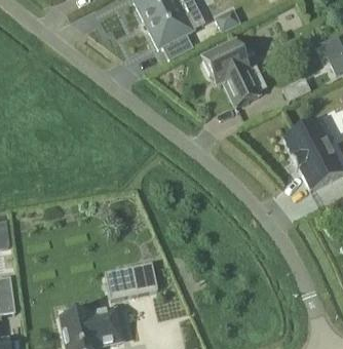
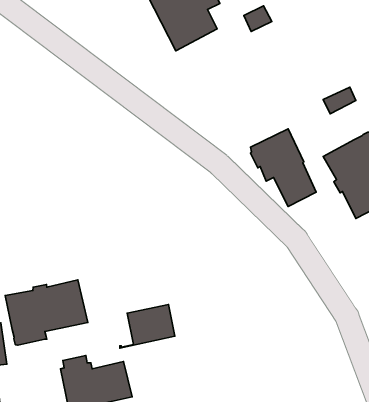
building: [205,40,261,106] -> [250,129,316,207]
building: none -> [5,280,88,345]

